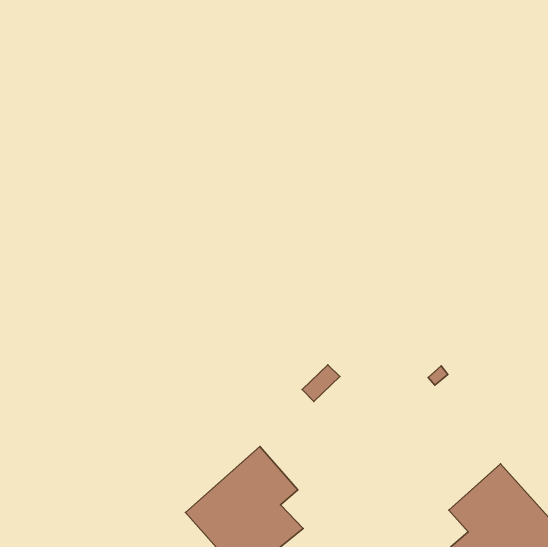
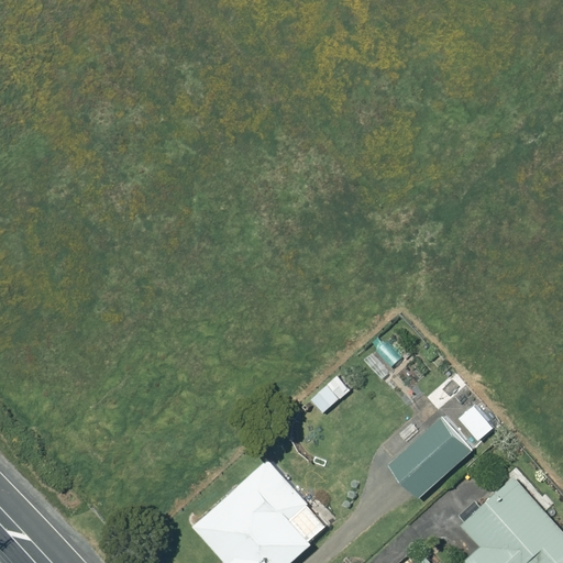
building: none -> [388,418,471,498]

